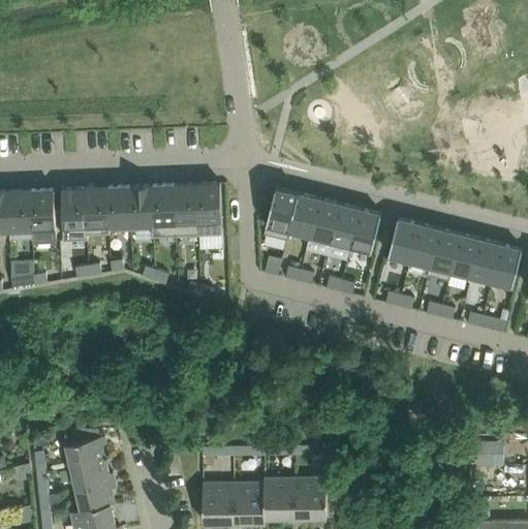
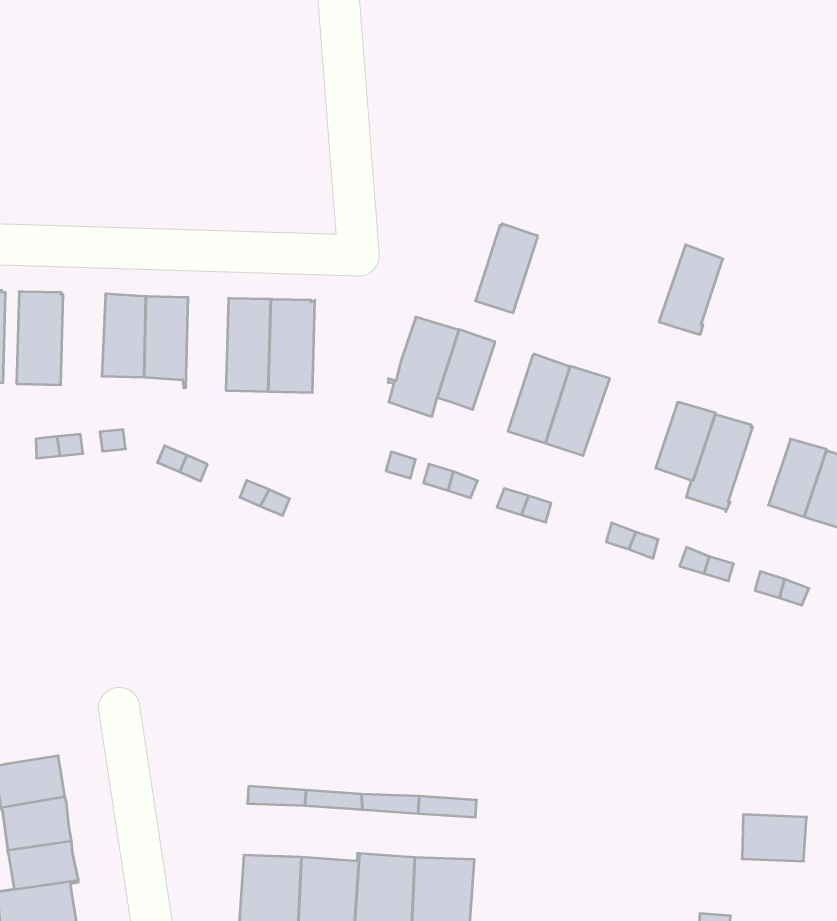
building: [152,185,176,235] -> none
building: [85,187,108,238] -> none
building: [308,198,339,246] -> [475,224,538,313]
building: [386,218,418,266] -> [659,245,723,334]
building: [449,235,480,281] -> none

